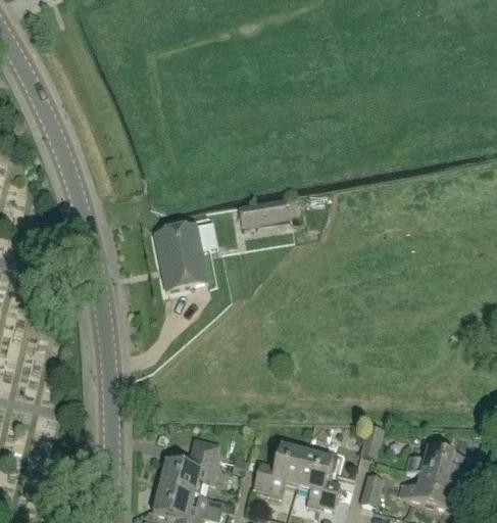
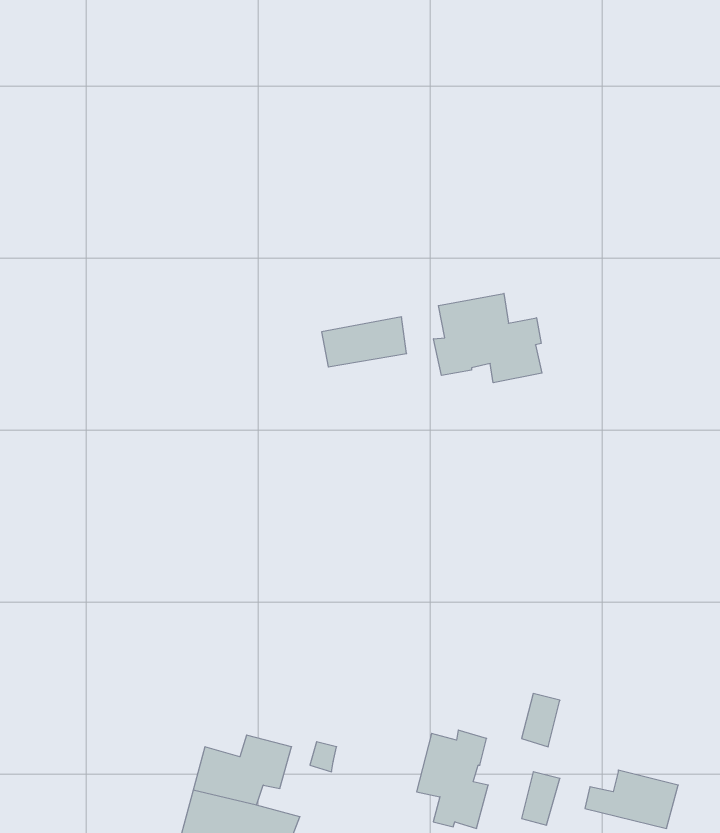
building: none -> [434,293,542,383]
building: [154,226,207,289] -> none
building: [253,444,305,497] -> none
building: [405,446,462,482] -> none

